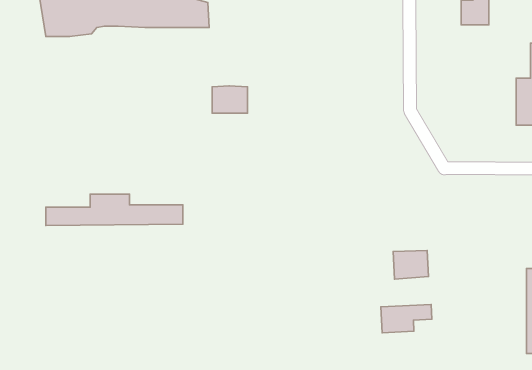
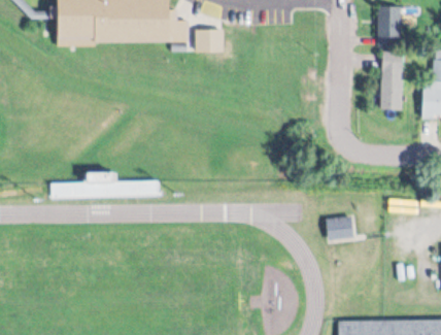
building: none -> [384,54,405,111]
building: [212,86,247,113] -> [191,29,218,51]
building: [381,304,432,333] -> none

